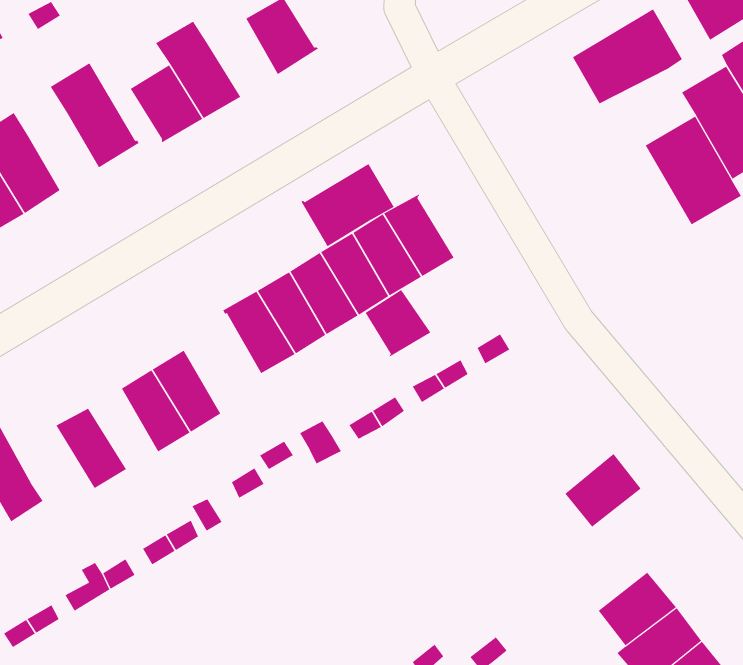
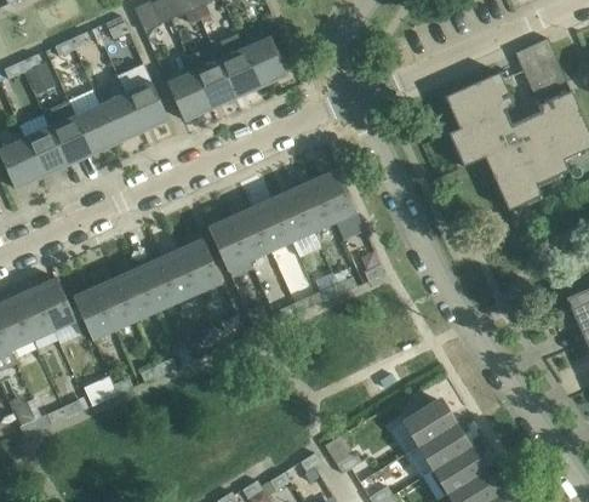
building: none -> [218,47,259,96]
building: none -> [448,110,517,166]
building: none -> [99,93,141,141]
building: [300,163,394,247] -> none
building: [365,289,431,358] -> none
building: none -> [181,239,222,292]
building: none -> [116,269,156,320]
building: none -> [73,287,114,341]
building: [564,453,641,527] -> [405,399,453,444]

